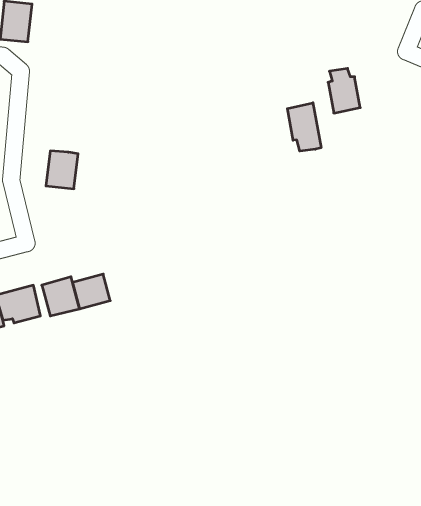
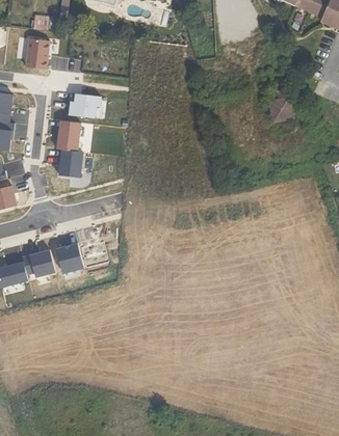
building: none -> [66,92,99,117]
building: [287,103,321,151] -> none
building: none -> [56,120,78,151]

